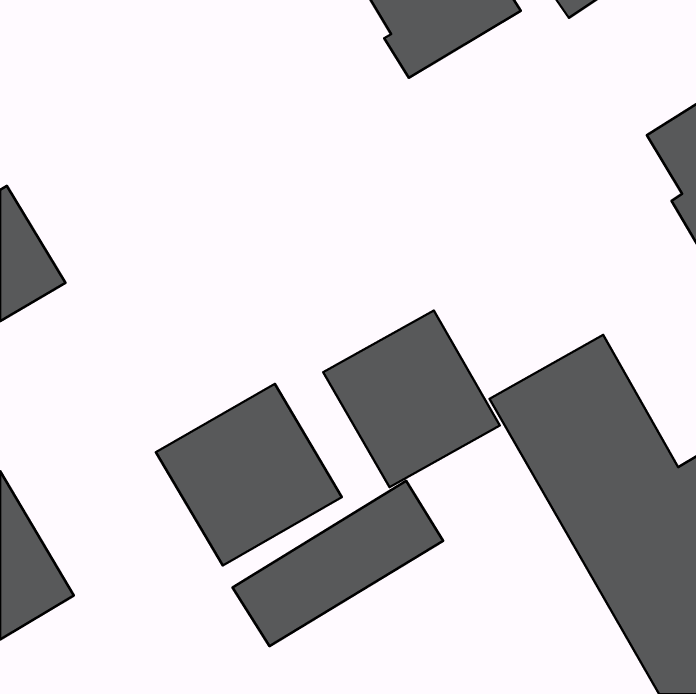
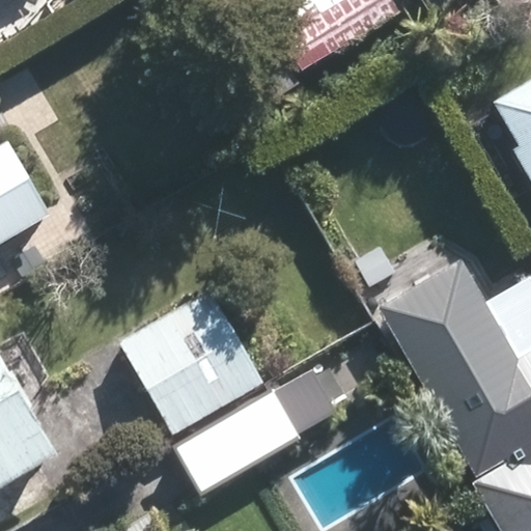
building: [323,311,500,487] -> none

